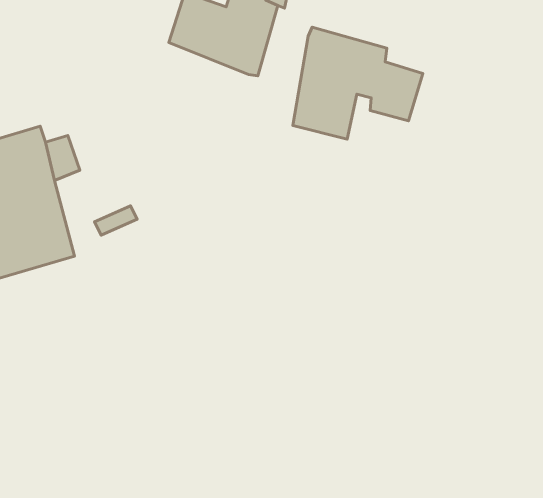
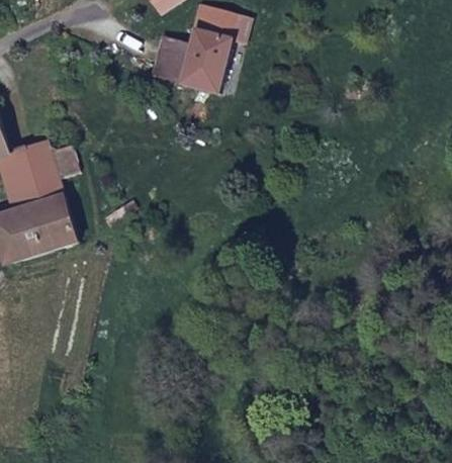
building: [293,27,423,139] -> none

